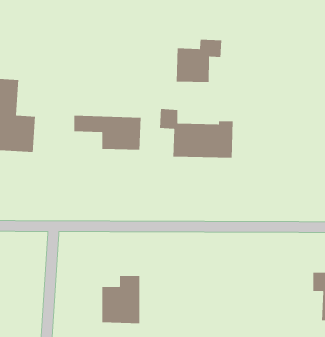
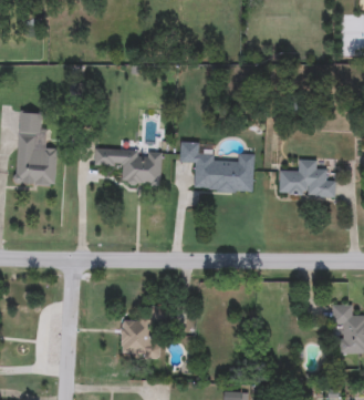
building: [176,39,222,83] -> none
building: none -> [278,158,335,195]

